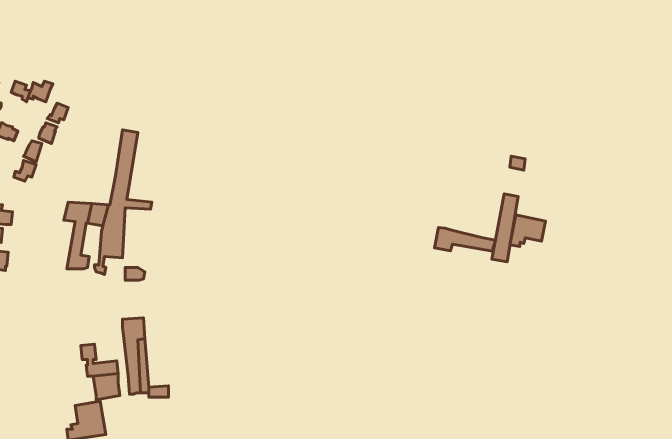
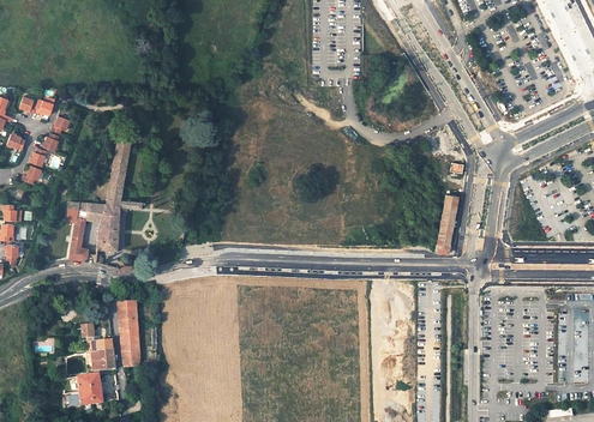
building: [510,215,546,247] -> none
building: [435,228,495,251] -> none

